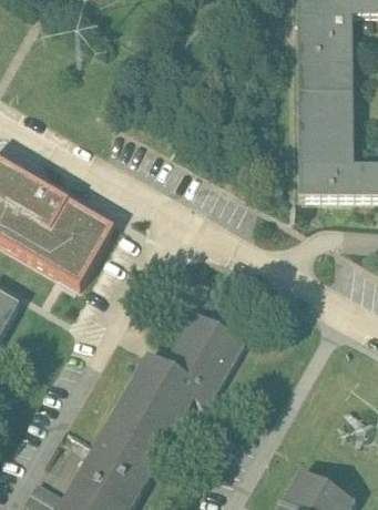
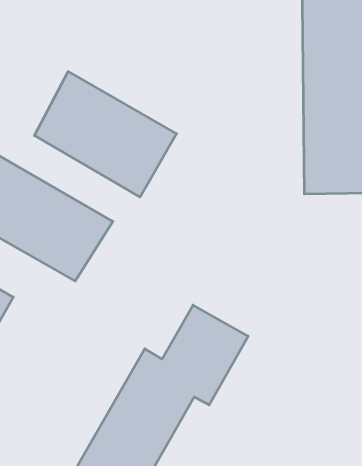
building: none -> [34,72,177,197]

